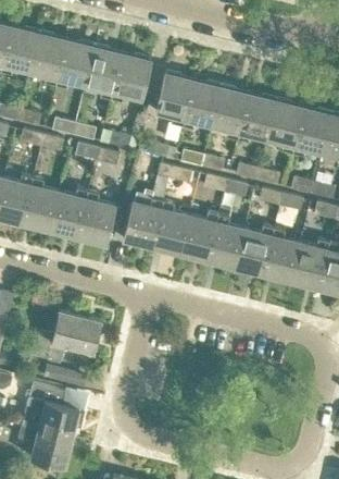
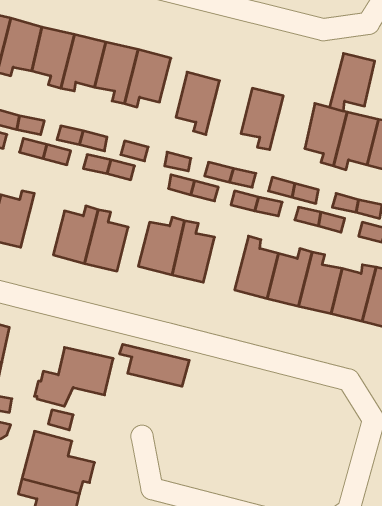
building: [180,78,221,127] -> none
building: [236,91,275,142] -> [330,53,375,111]
building: [20,176,58,230] -> none
building: [178,211,217,260] -> none
building: none -> [120,344,189,386]

